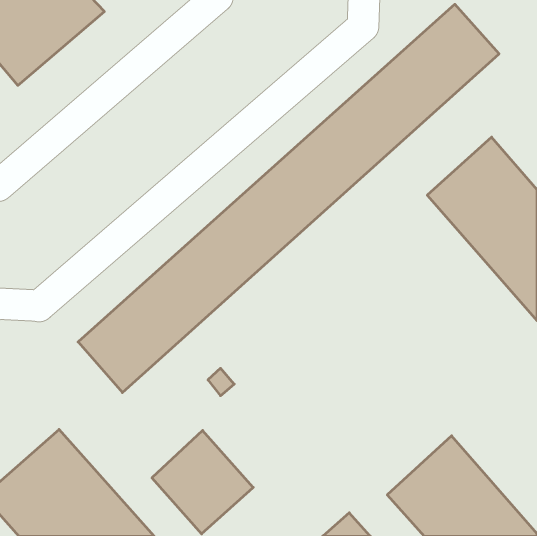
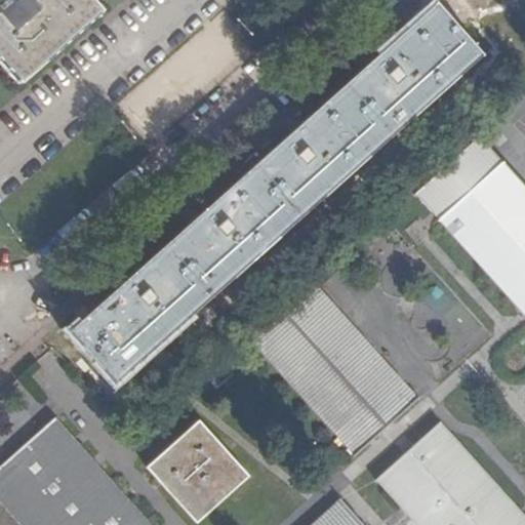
building: none -> [247,279,415,455]

